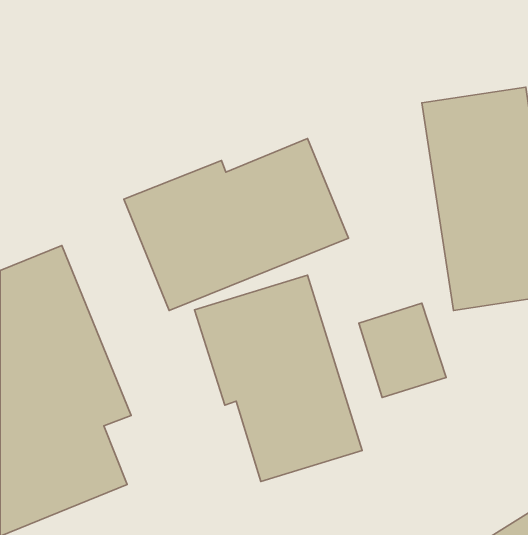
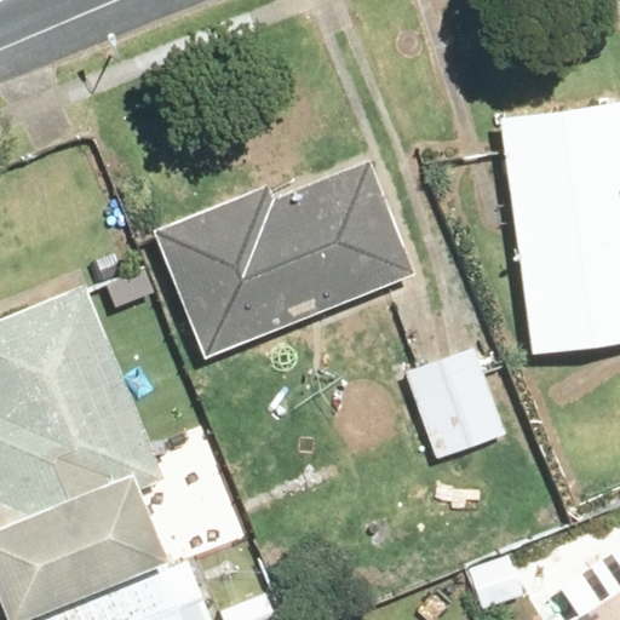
building: [195,275,362,481] -> none

